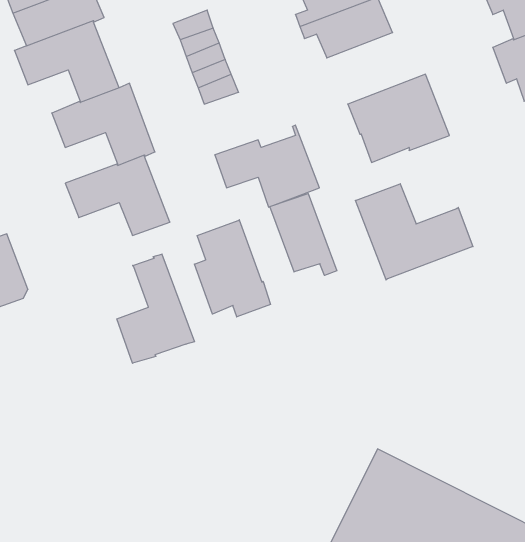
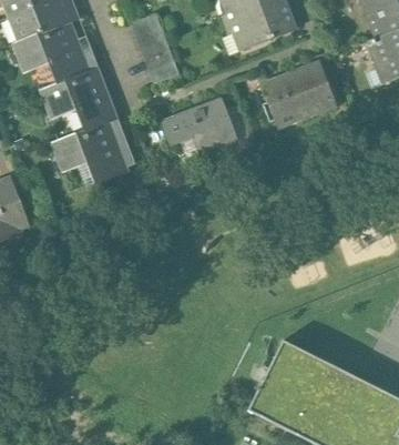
building: [355,184,473,280] -> none
building: [270,194,337,275] -> none
building: [194,220,271,317] -> none
building: [117,254,195,363] -> none

